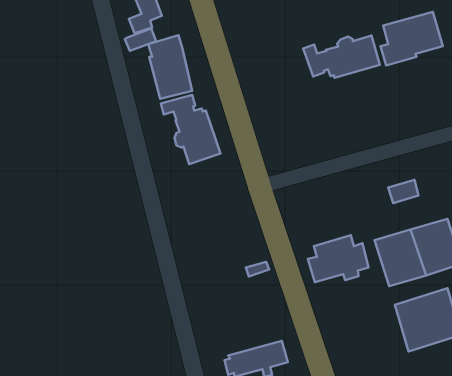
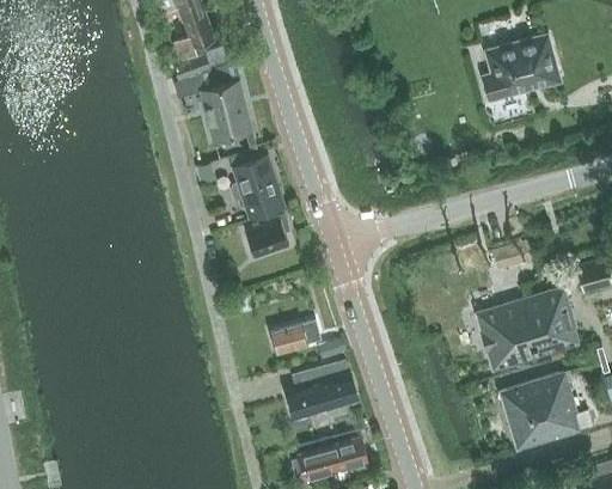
building: [303,36,380,78] -> none
building: none -> [247,214,289,253]
building: [308,235,368,282] -> [284,363,359,421]
building: none -> [270,320,320,353]

